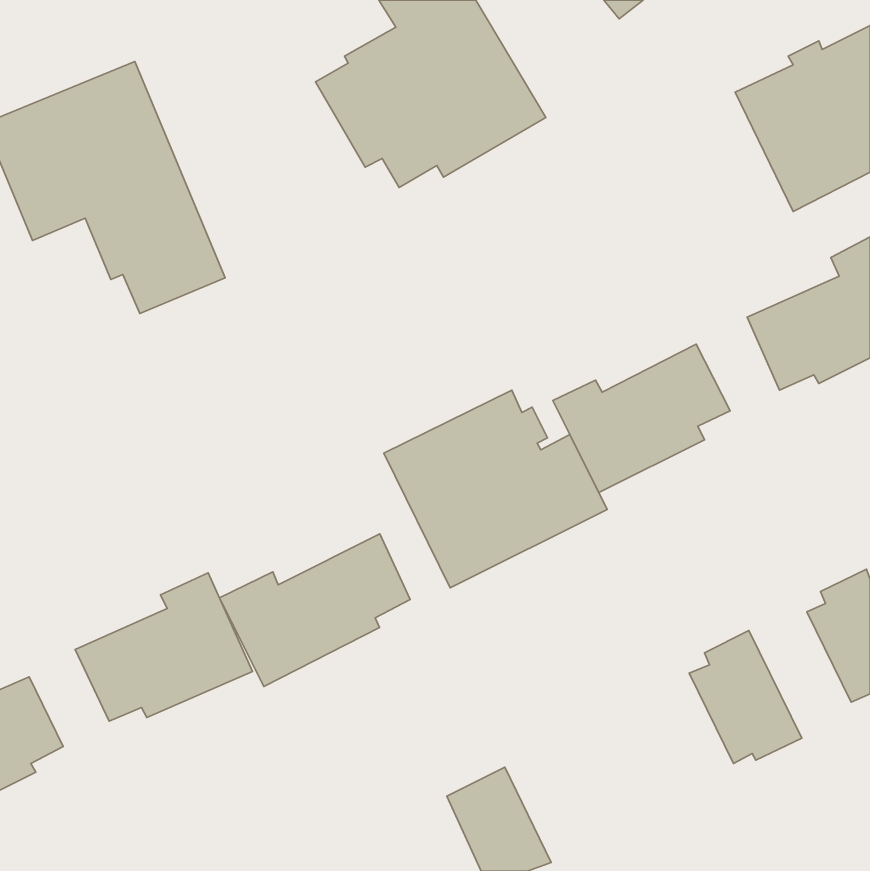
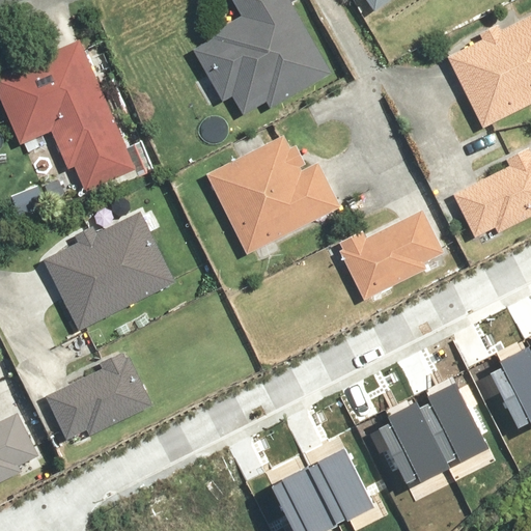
building: none -> [43,209,176,330]
building: [384,390,607,588] -> [205,135,341,255]
building: [219,534,410,687] -> none
building: none -> [379,403,448,484]
building: none -> [307,450,371,525]

